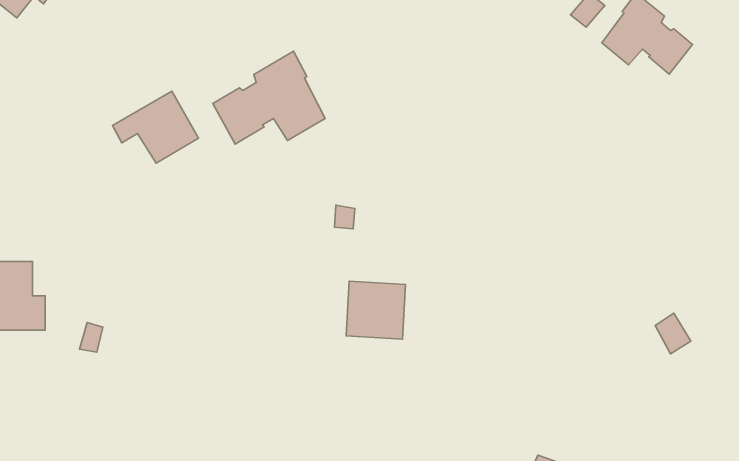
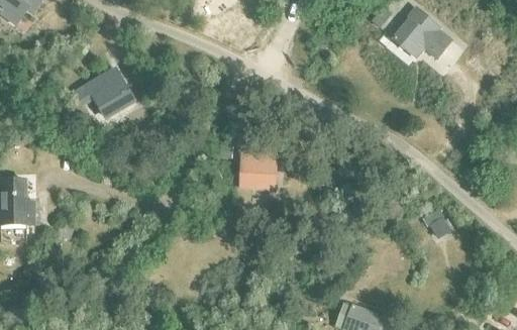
building: [213,51,325,144] -> none
building: [346,281,406,339] -> [239,151,278,189]

